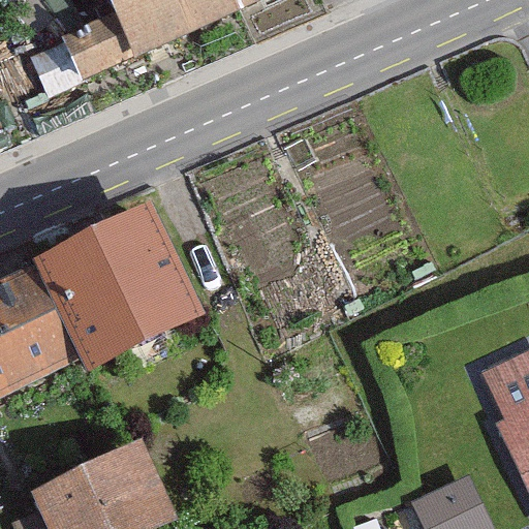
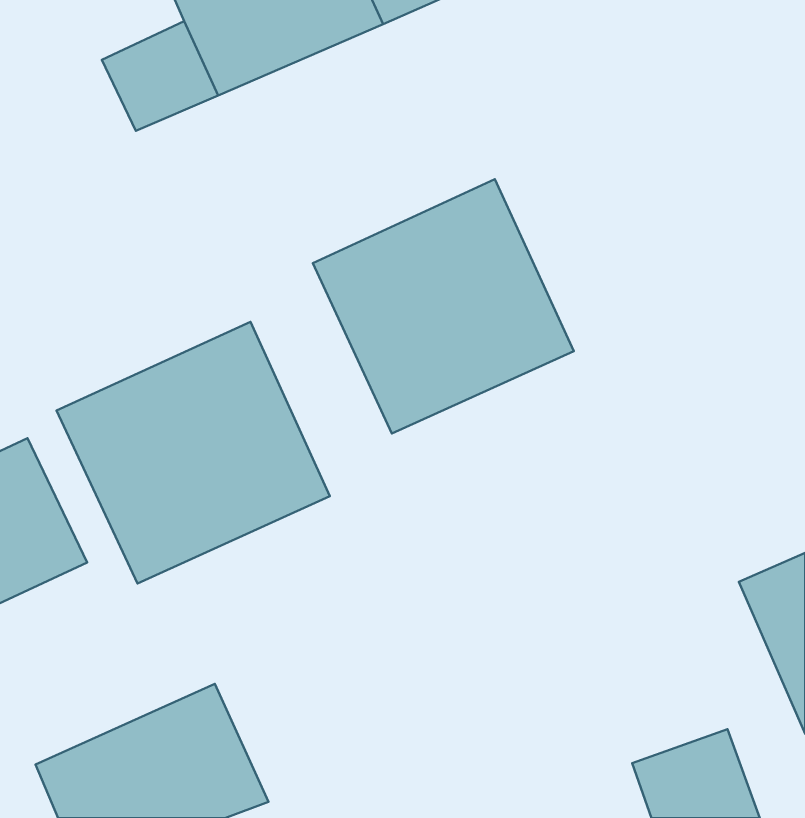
building: none -> [313,179,574,433]

